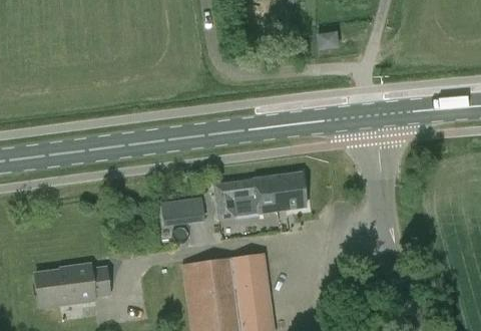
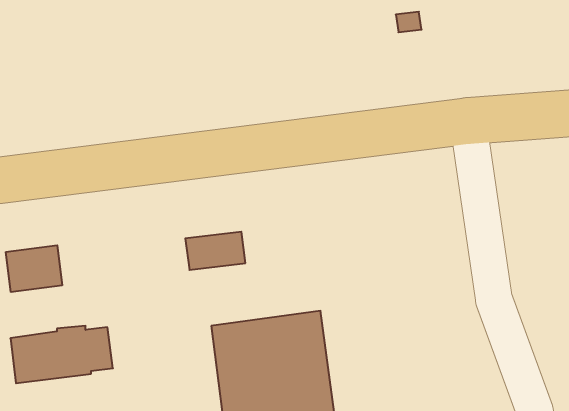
building: [213,173,306,219] -> none
building: none -> [6,245,62,292]

